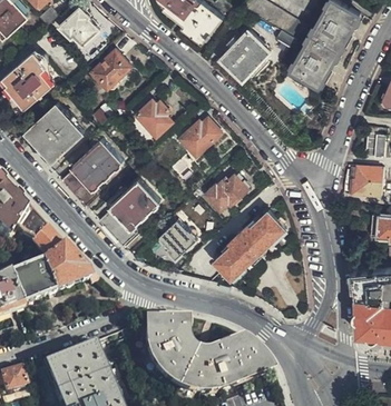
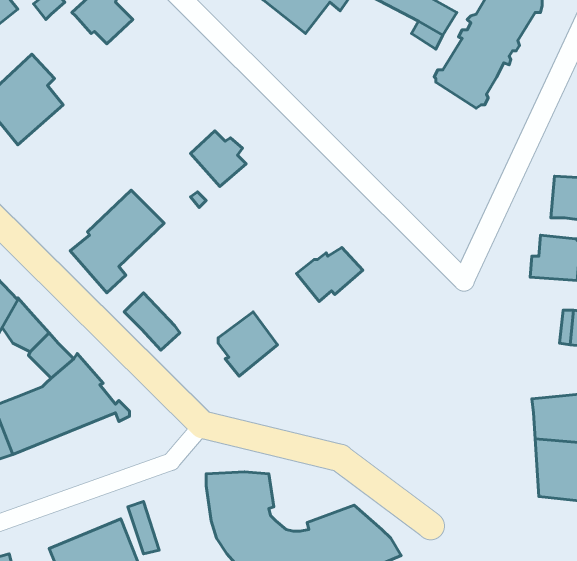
building: [218,31,270,81] -> none
building: [91,52,130,90] -> none
building: [26,105,81,161] -> none
building: [180,120,219,158] -> none
building: [104,177,154,226] -> none
building: [211,211,282,276] -> none

